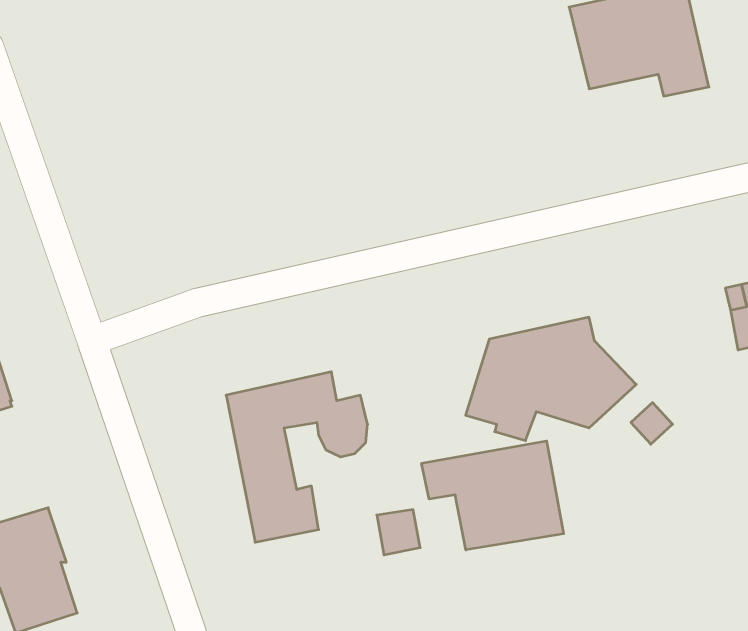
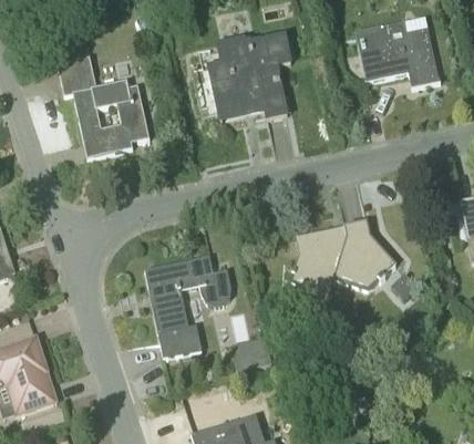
building: none -> [208,33,293,121]
building: none -> [56,55,150,157]
building: [422,441,564,550] -> none

